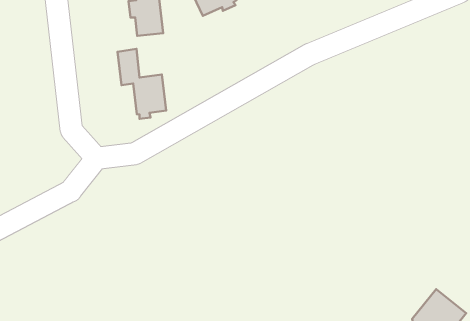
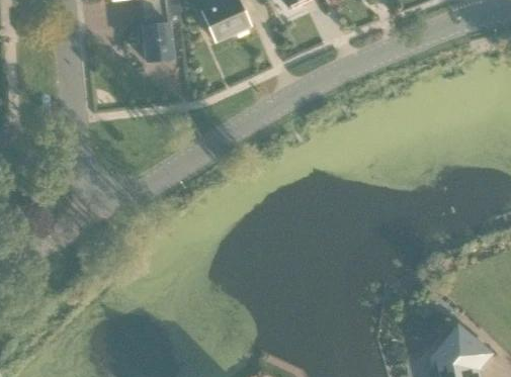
building: [118,49,166,119] -> none

